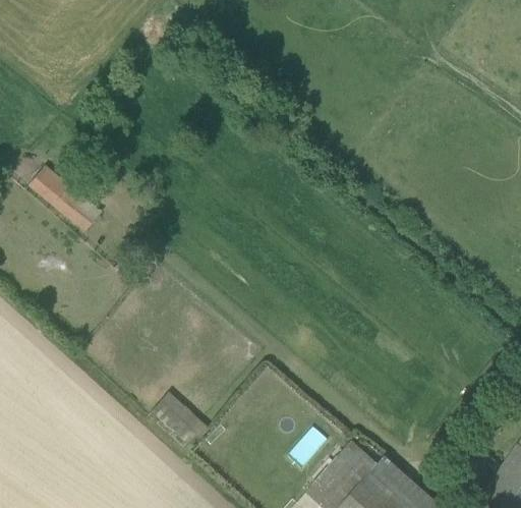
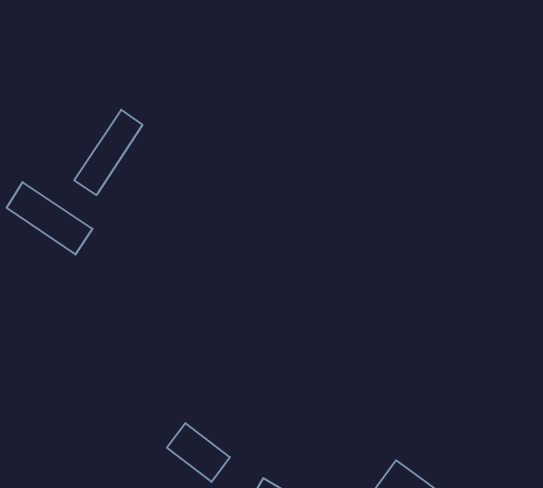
building: none -> [74,110,142,195]

